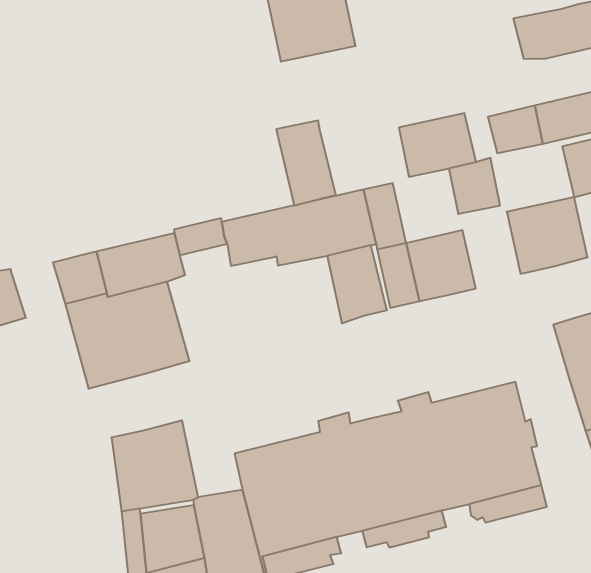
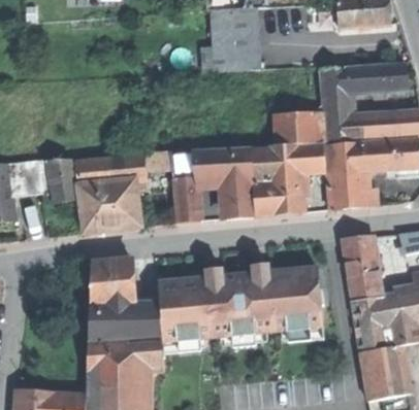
building: none -> [322,67,352,118]
building: [276,121,336,205] -> [173,176,200,220]
building: none -> [325,141,365,172]
building: none -> [267,143,301,180]
building: none -> [51,158,76,201]

